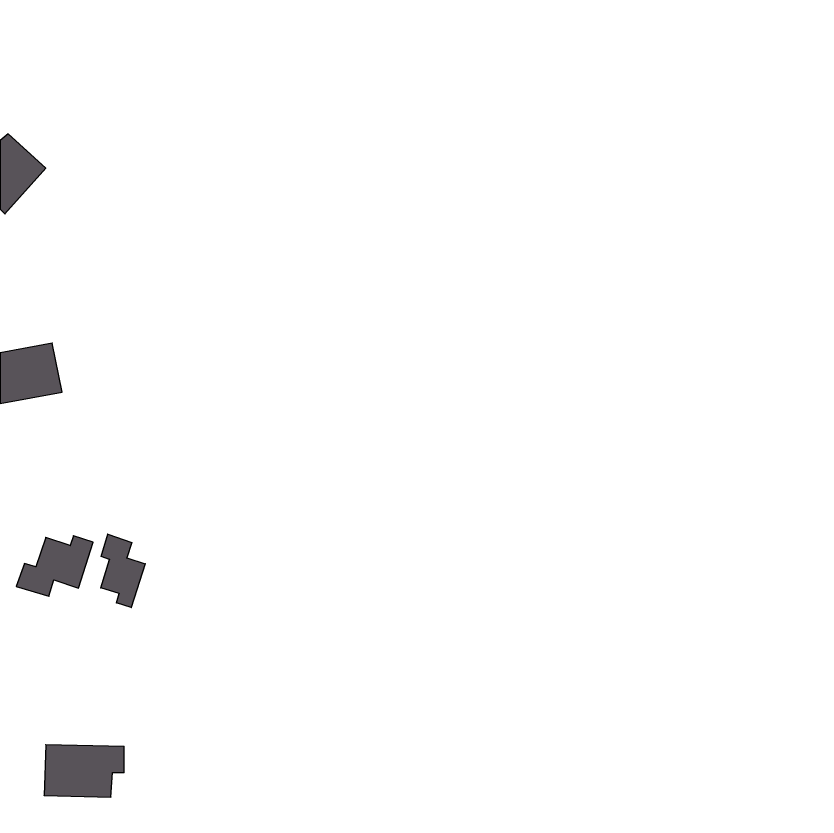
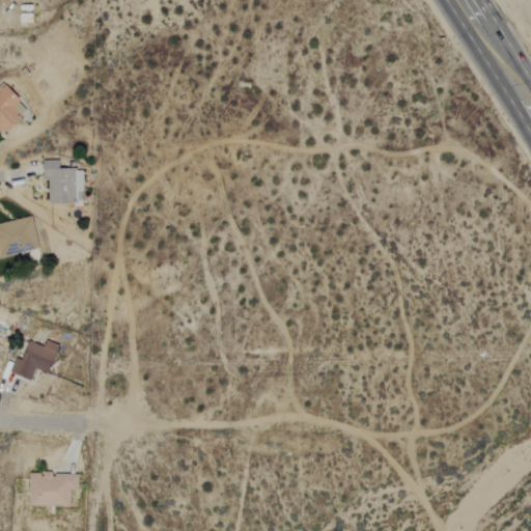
building: none -> [46,160,84,203]
building: [101,534,145,608] -> none

